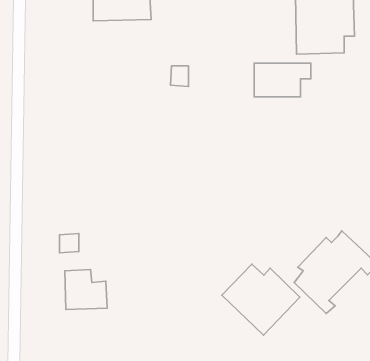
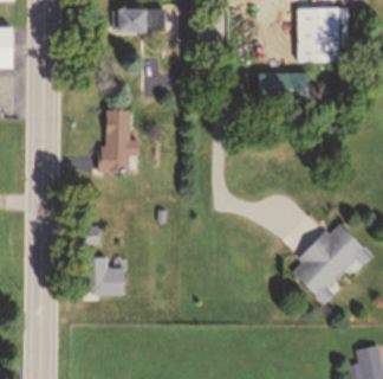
building: none -> [96,113,139,172]
building: [222,264,300,335] -> none

